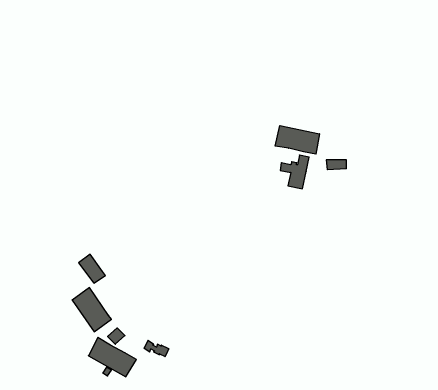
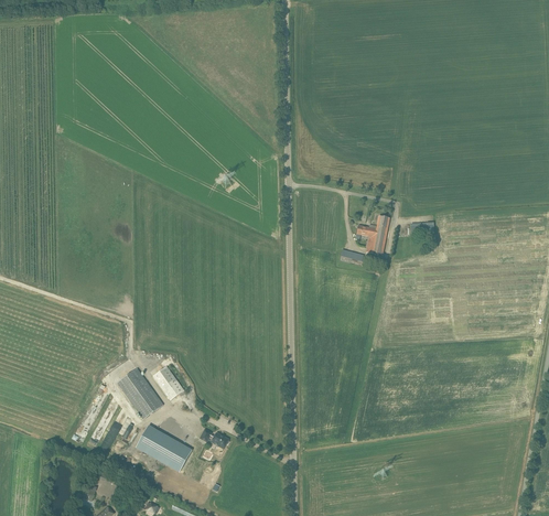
building: [275,126,319,154] -> none
building: [79,254,105,283] -> [152,366,183,399]

